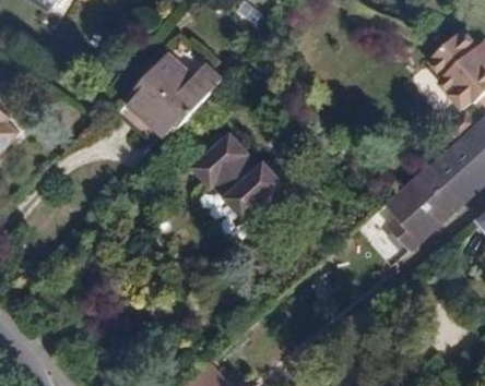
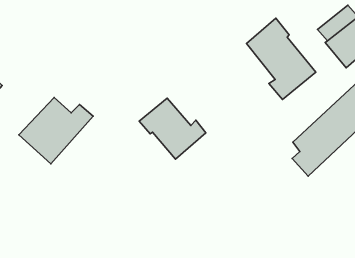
building: none -> [247,18,316,99]
building: [128,64,224,149] -> [19,98,93,164]

